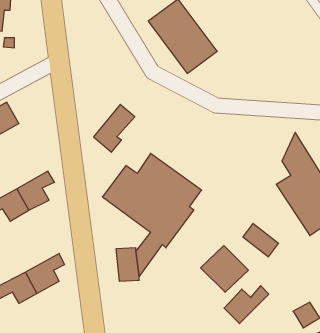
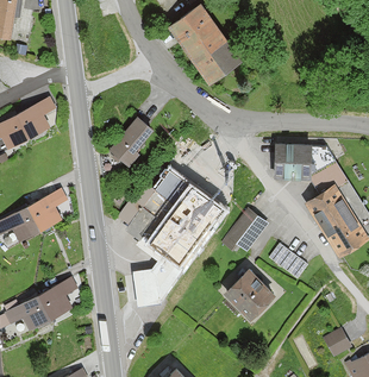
building: none -> [17,96,56,137]
building: none -> [275,143,325,177]
building: none -> [223,208,269,252]
building: [224,286,269,324] -> none

